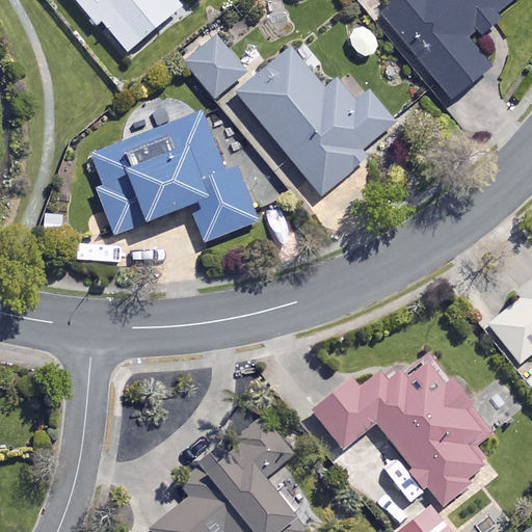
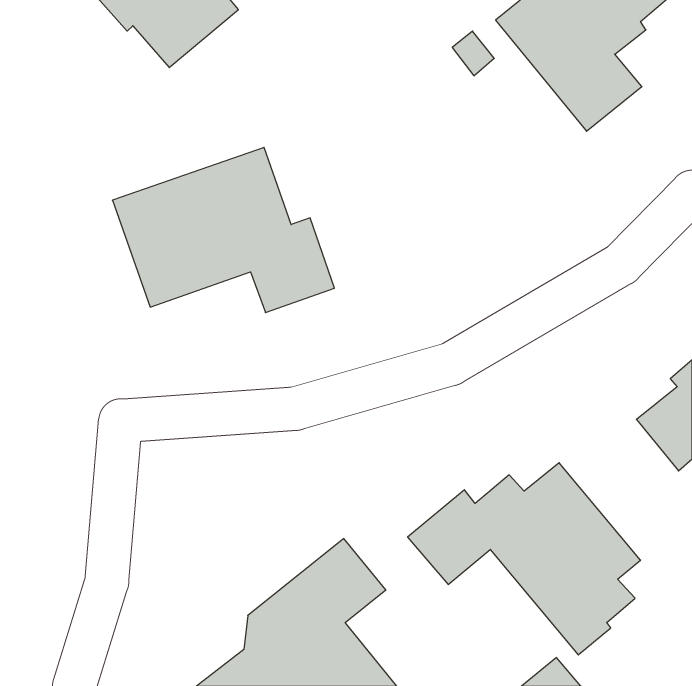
building: [185,34,246,97] -> none
building: [237,47,396,195] -> none

